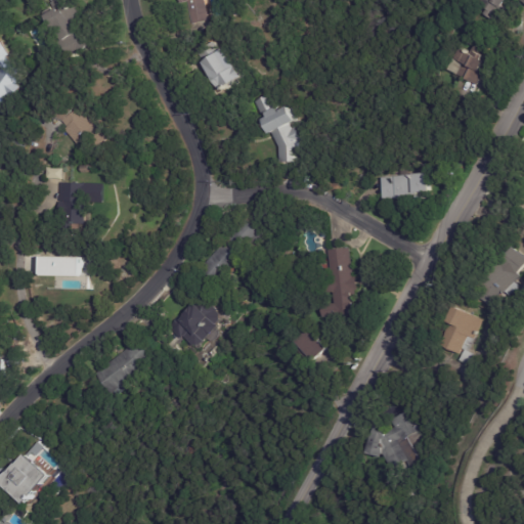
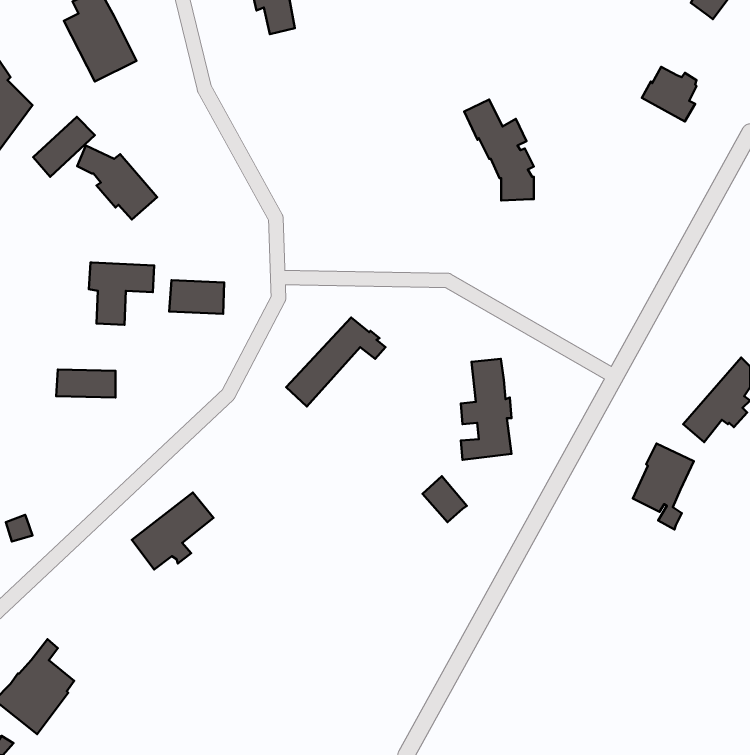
building: [191,40,239,90] -> none
building: none -> [33,117,95,177]
building: [250,92,298,162] -> [464,100,534,201]
building: [379,171,428,199] -> none
building: none -> [169,280,224,314]
building: [165,297,218,345] -> none
building: [362,408,427,469] -> none

